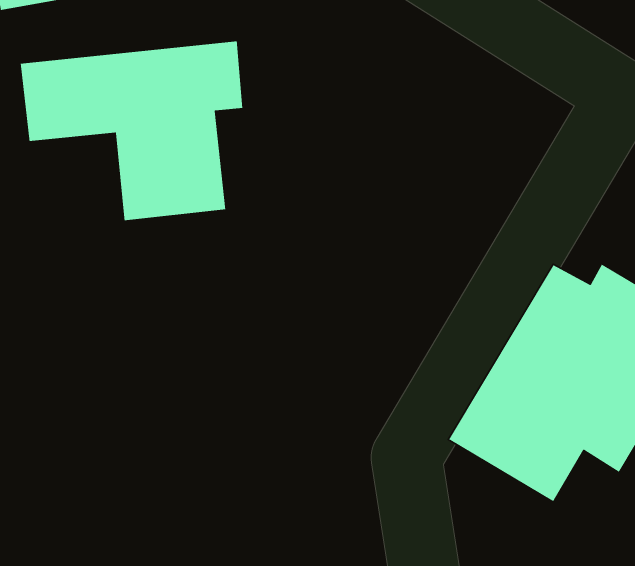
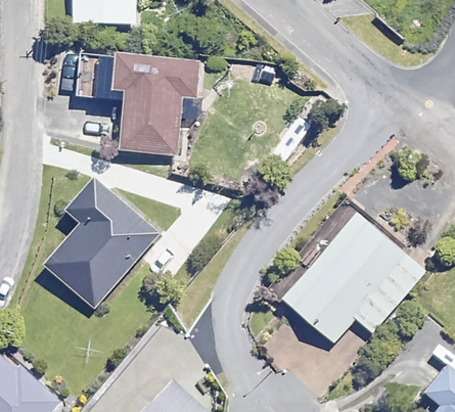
building: none -> [44,178,160,309]

